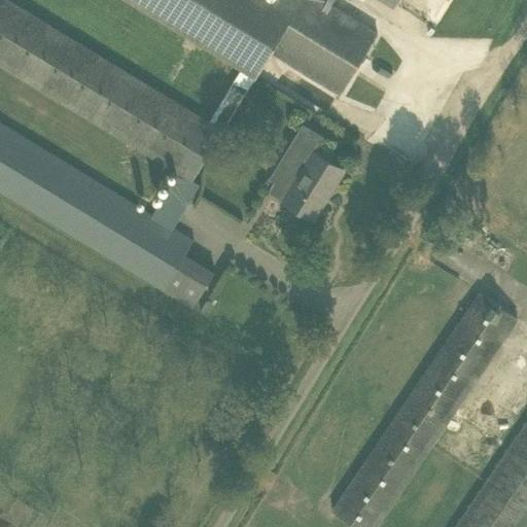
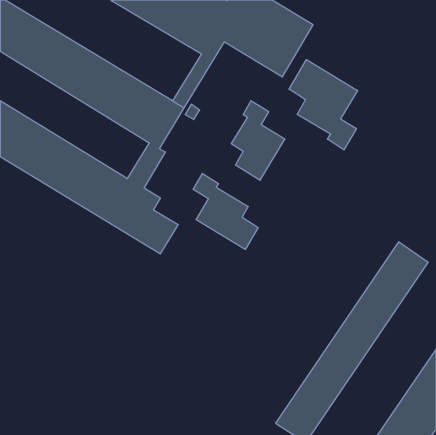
building: none -> [289,60,358,150]
building: none -> [193,173,258,249]

